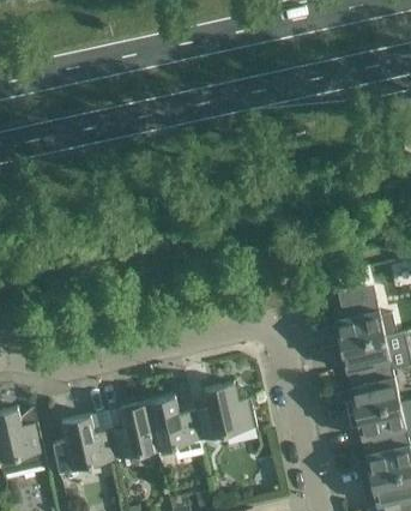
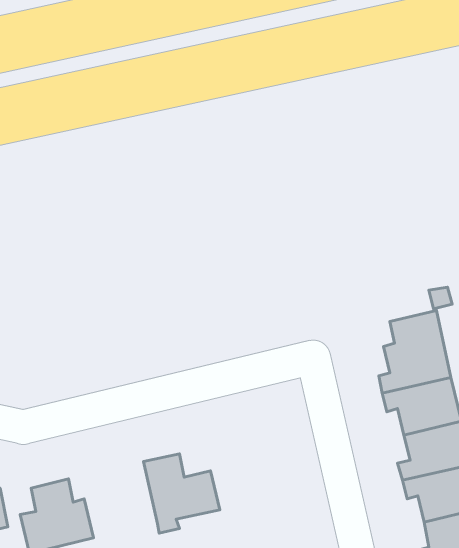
building: [200,383,256,439] -> none
building: [103,402,159,461] -> none

